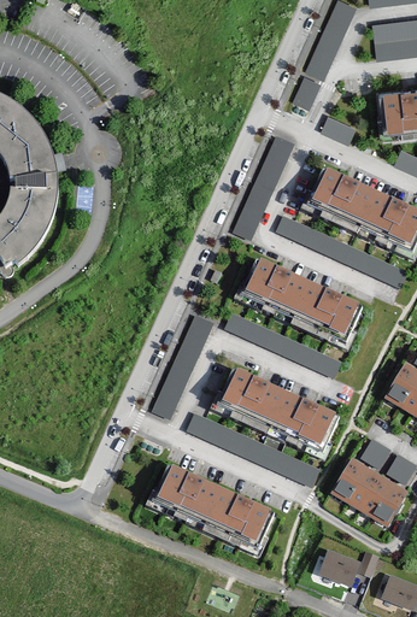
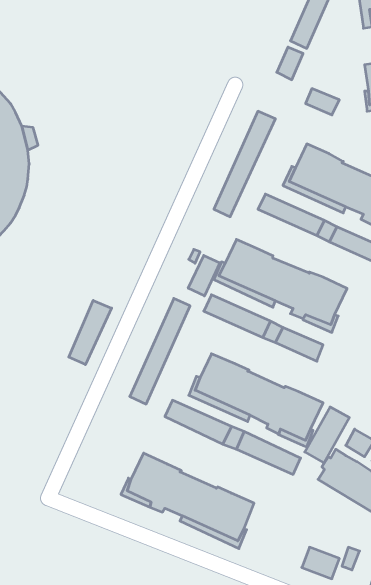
building: none -> [188,255,220,296]
building: none -> [69,300,112,365]
building: none -> [305,407,349,463]

